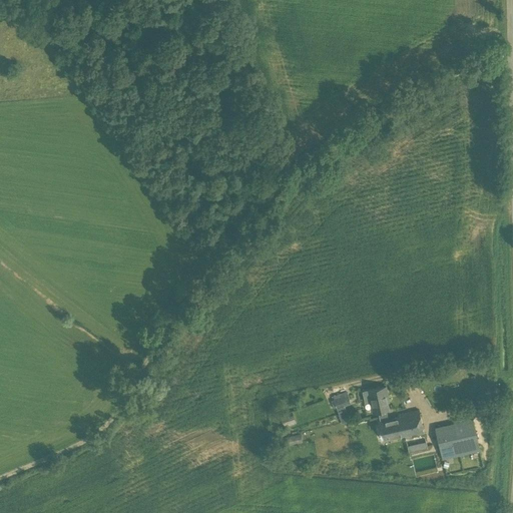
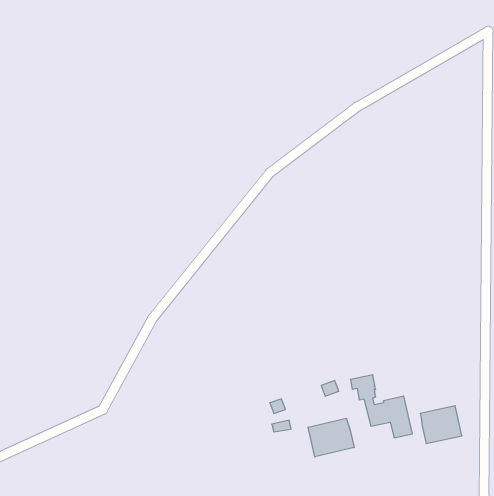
building: none -> [308,418,354,457]

